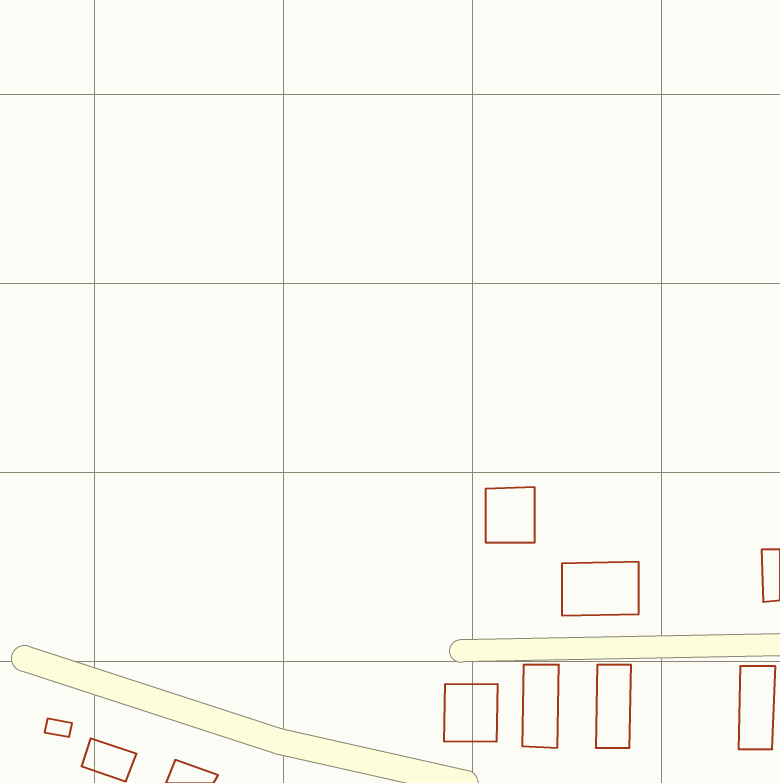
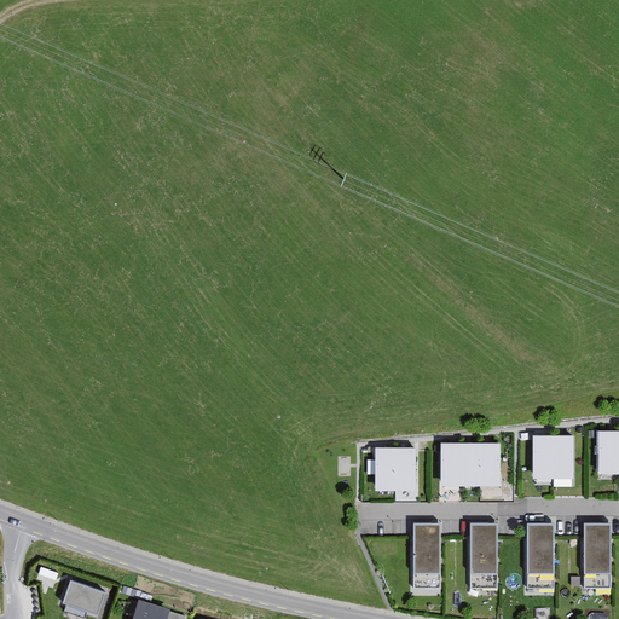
building: [486,487,535,543] -> [377,446,416,490]
building: none -> [534,436,574,480]
building: none -> [526,523,554,590]
building: [444,684,498,742] -> none

